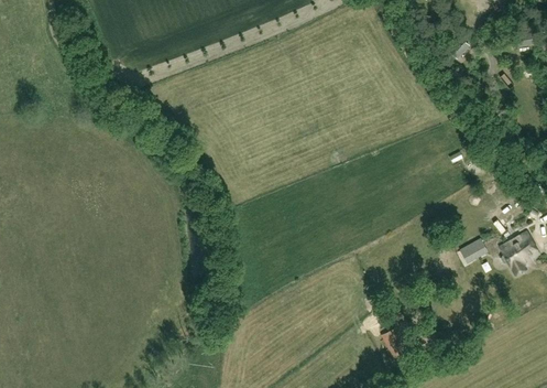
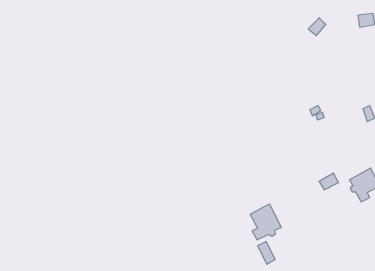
building: none -> [250,204,281,240]

